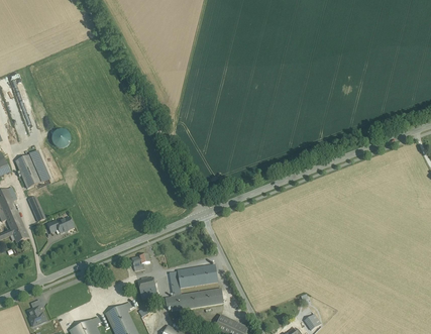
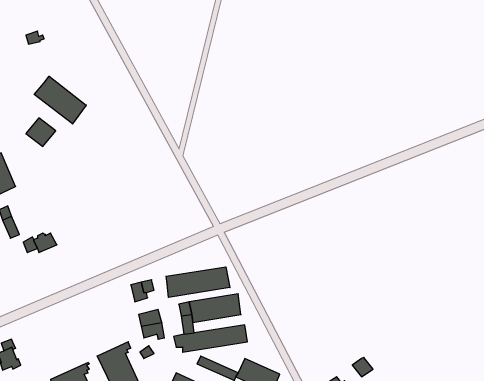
building: none -> [34,76,86,124]
building: none -> [166,267,230,297]

